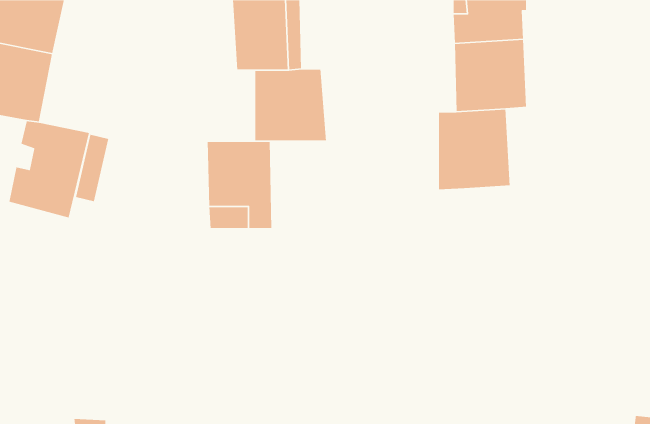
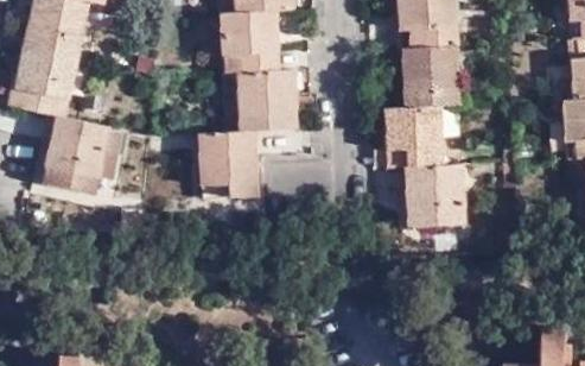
building: none -> [406,160,463,222]

